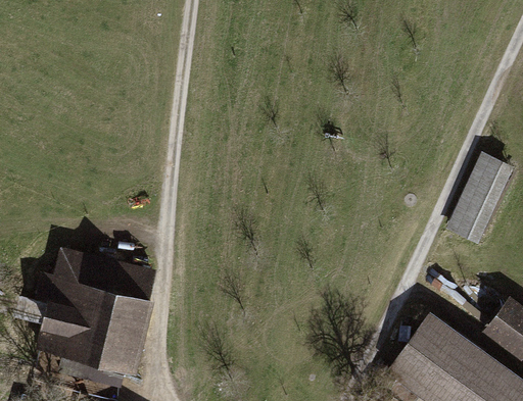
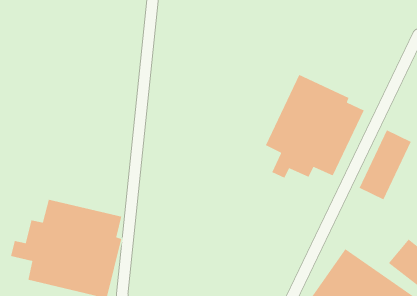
building: none -> [265,74,365,179]

